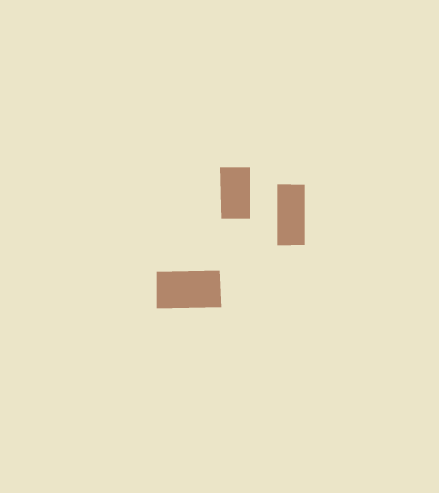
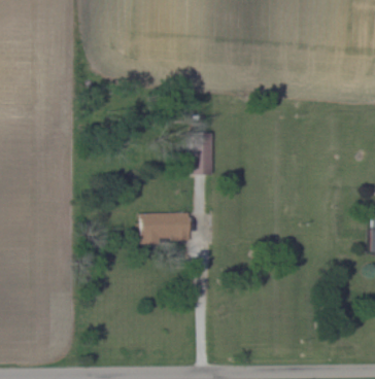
building: [277,184,305,246] -> none

